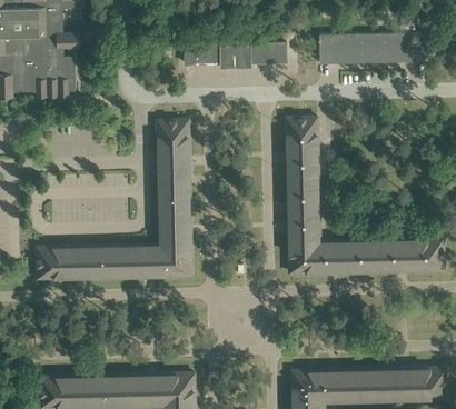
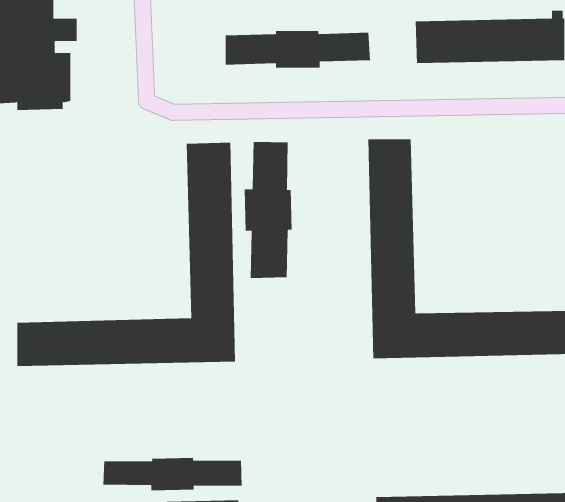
building: none -> [244,141,292,279]
building: none -> [103,457,242,491]

